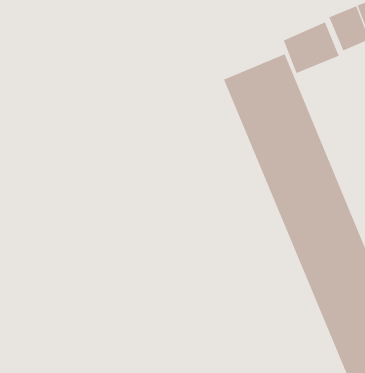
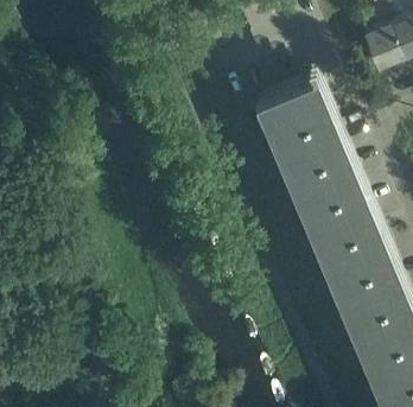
building: [283,21,339,74] -> none

